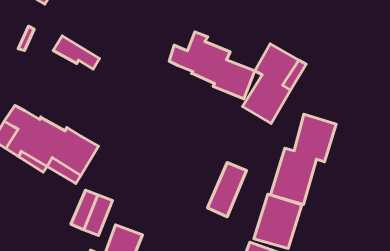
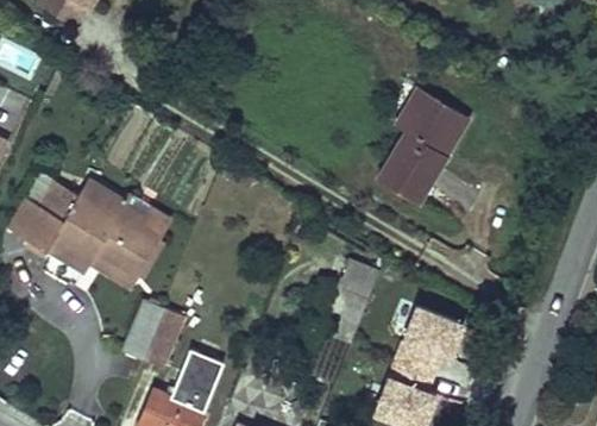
building: [169,32,255,99] -> none
building: [53,36,100,69] -> [81,173,149,221]
building: [271,114,336,204] -> none

